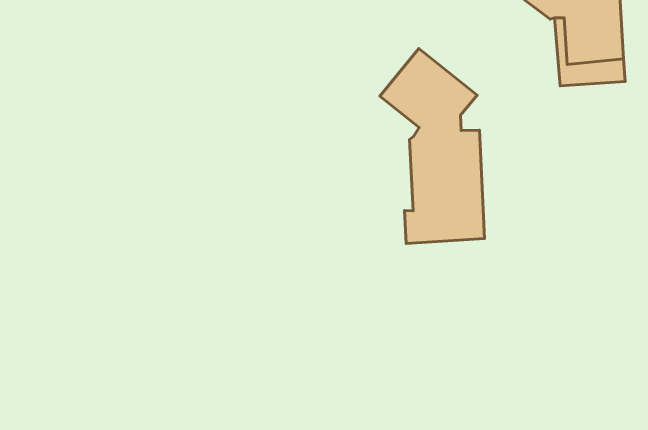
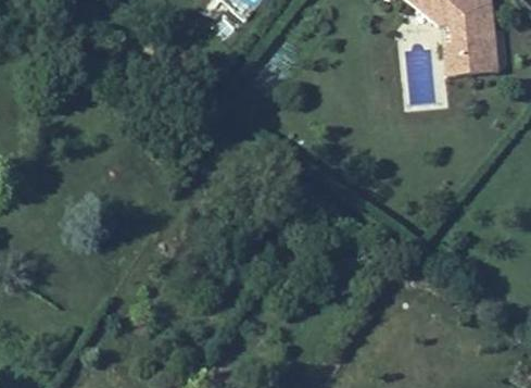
building: [380,49,485,243] -> none

